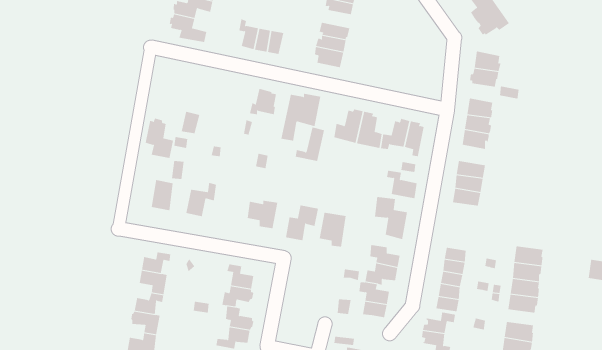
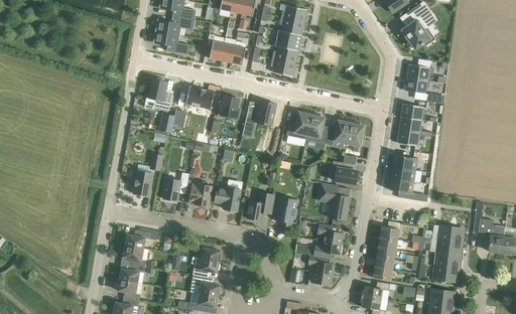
building: none -> [184,84,214,107]
building: [145,118,174,159] -> [149,76,173,111]
building: none -> [189,184,212,206]
building: none -> [479,219,504,253]

